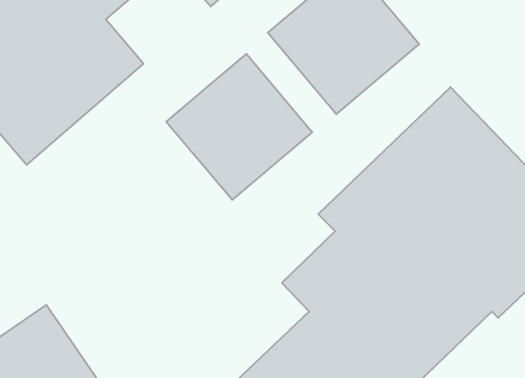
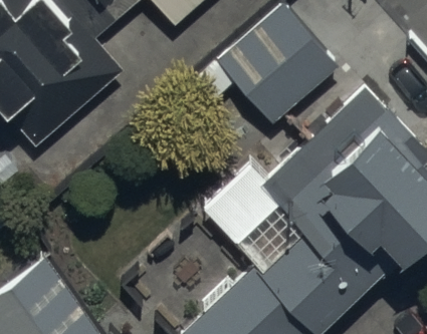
building: [166,54,312,200] -> none

